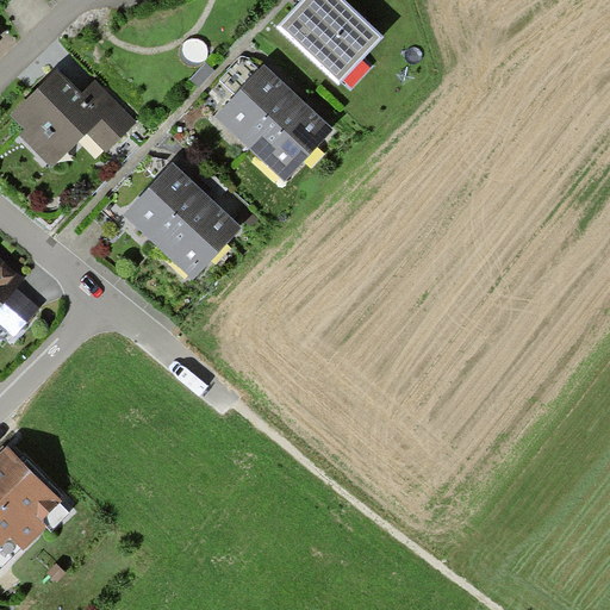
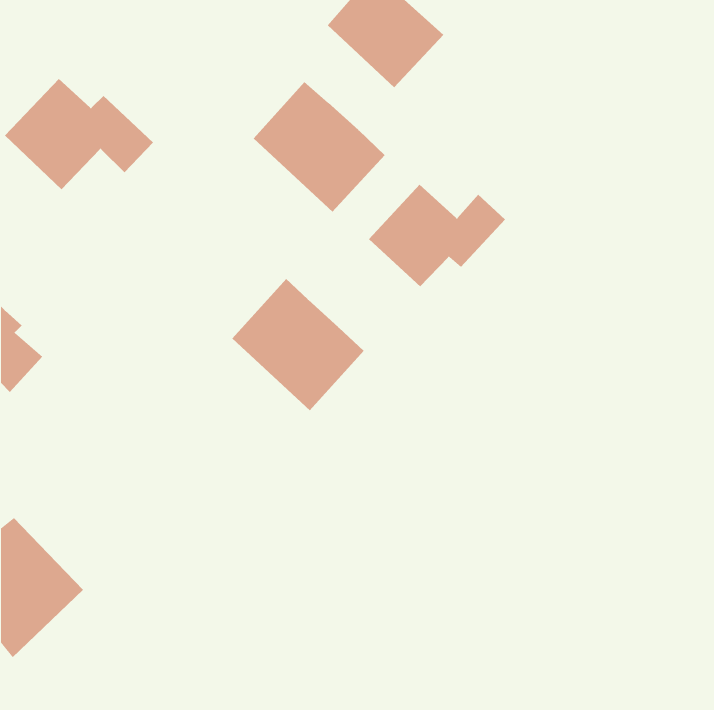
building: none -> [368,184,506,287]
building: [125,166,238,279] -> [232,278,364,411]

